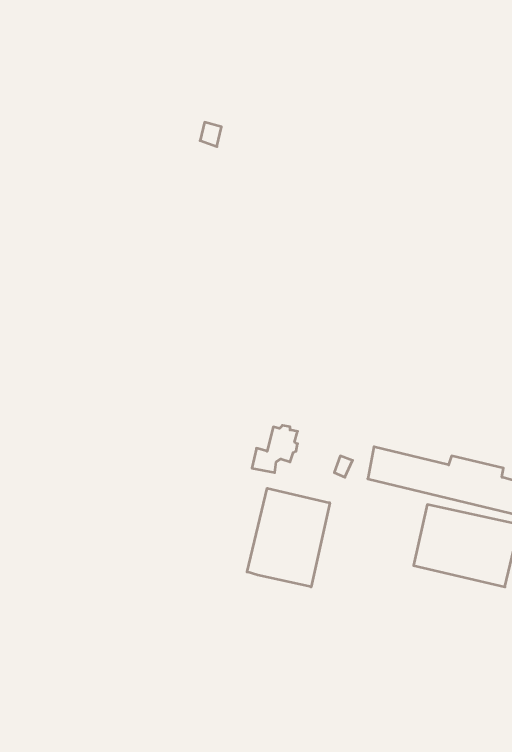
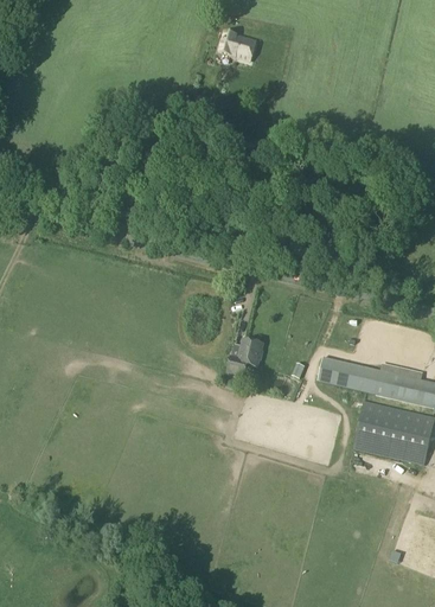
building: none -> [219,32,256,60]
building: [247,488,330,587] -> none

